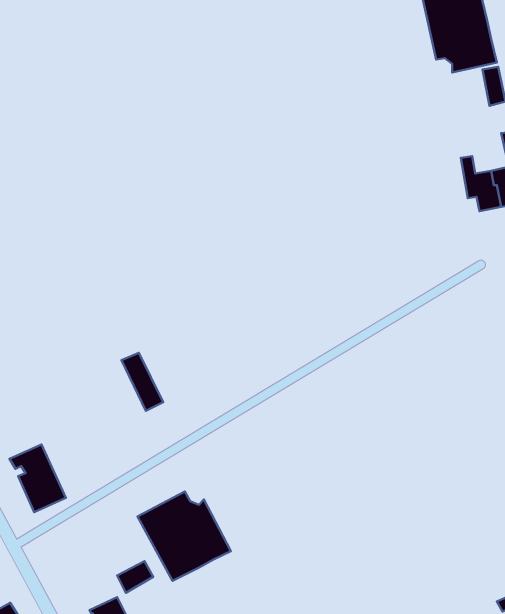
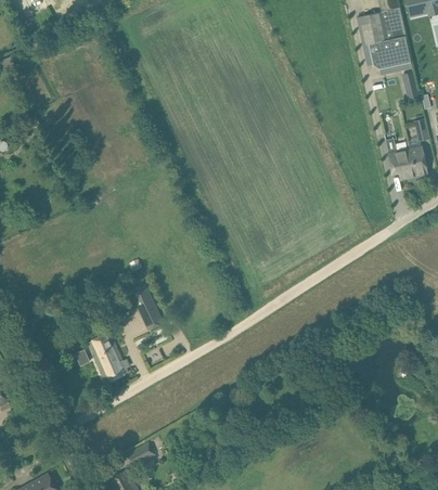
building: [10,444,66,512] -> [86,332,128,383]
building: [138,491,231,581] -> none

